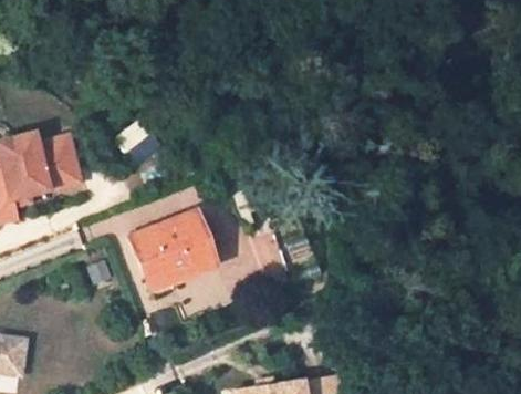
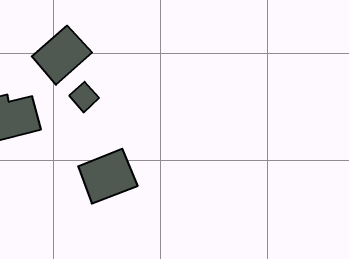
building: none -> [32,26,92,85]

